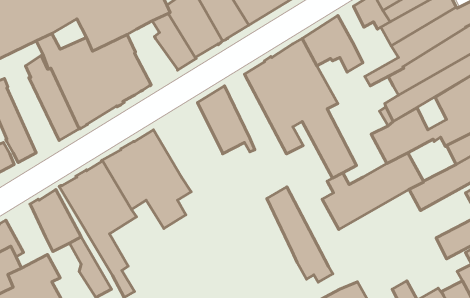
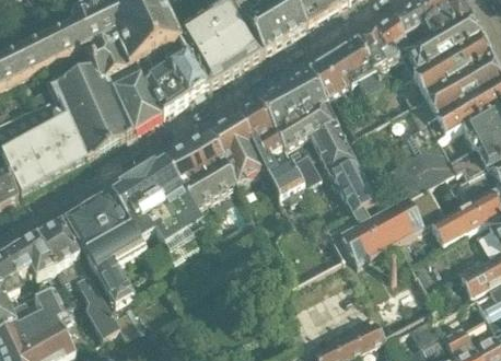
building: none -> [356,31,397,72]
building: none -> [136,55,188,113]
building: none -> [10,105,65,184]
building: none -> [163,131,235,209]
building: [267,187,333,282] -> [237,102,306,201]
building: none -> [9,238,50,288]

